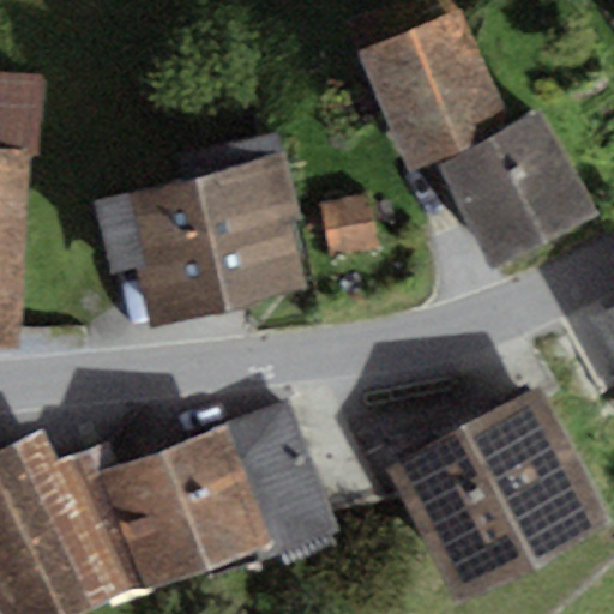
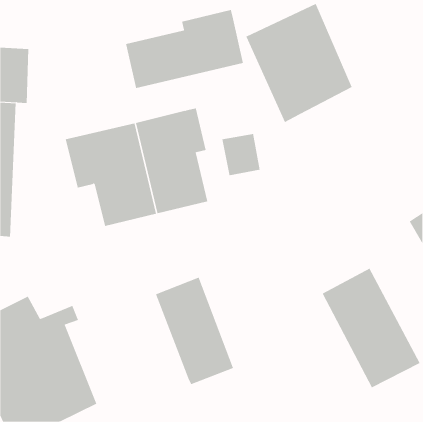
building: none -> [126,9,244,89]
building: [434,109,595,267] -> none
building: [385,425,537,603] -> none
building: [95,426,271,592] -> none

